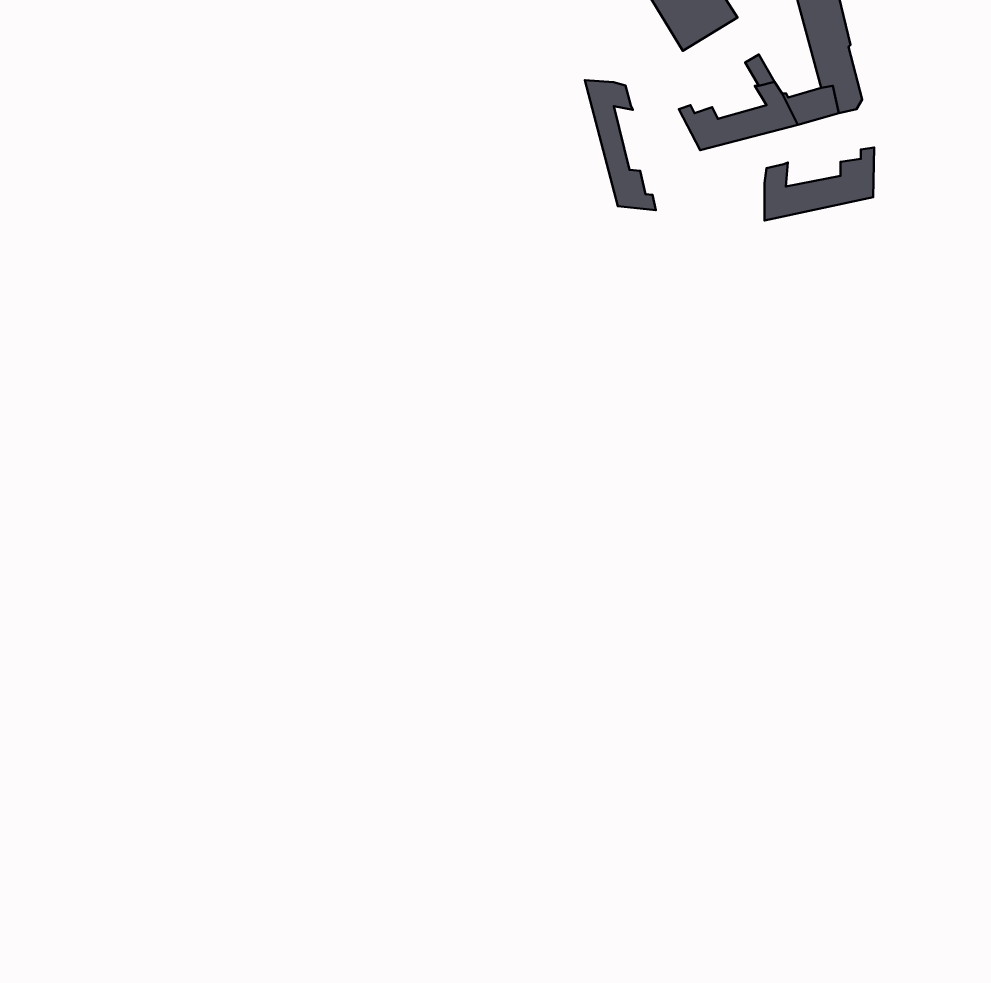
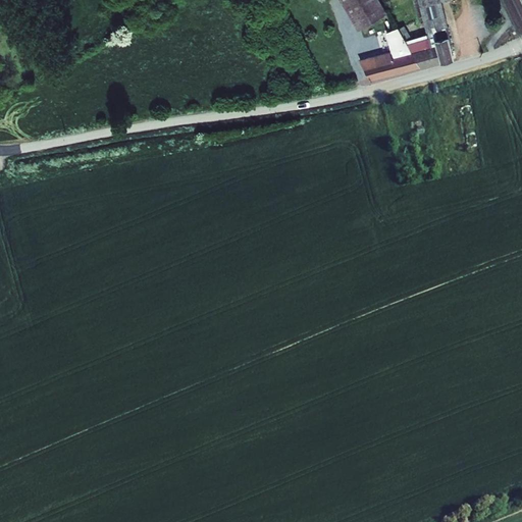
building: [585,80,656,210] -> none
building: [764,148,874,220] -> none

